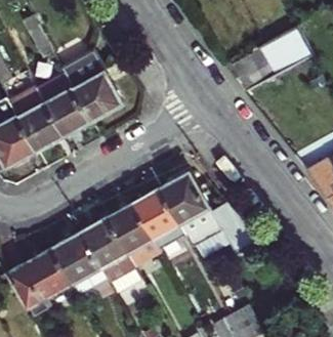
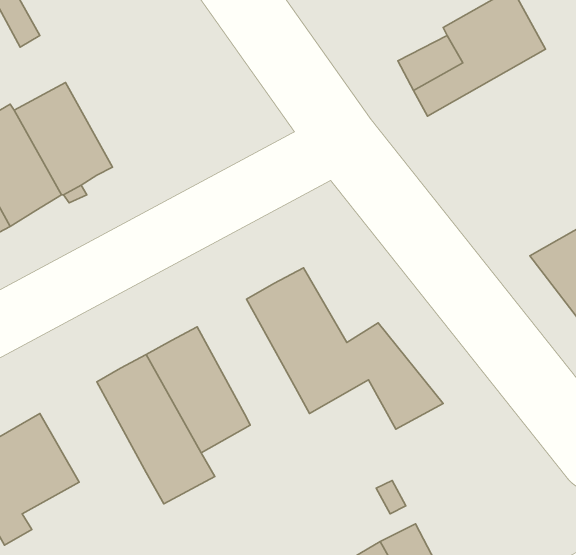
building: [60,49,122,120] -> none
building: [133,188,184,250] -> none
building: [51,231,107,294] -> none

